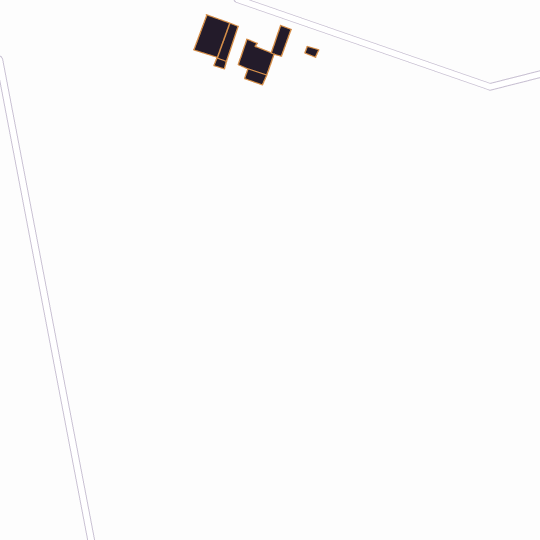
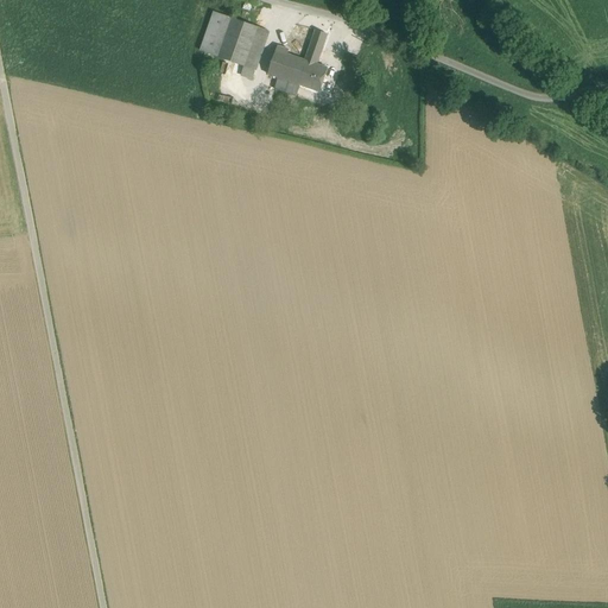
building: none -> [200,11,232,56]
building: none -> [299,61,327,90]

